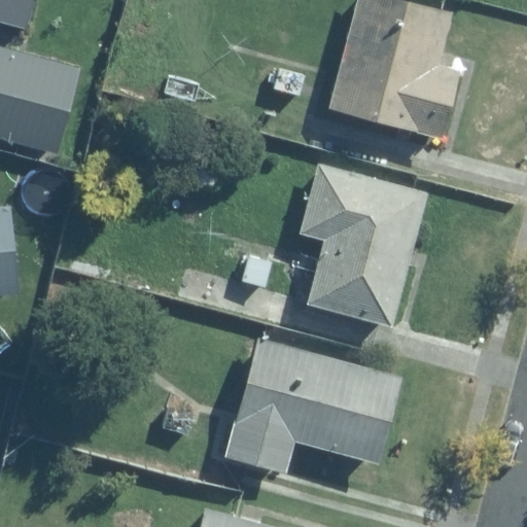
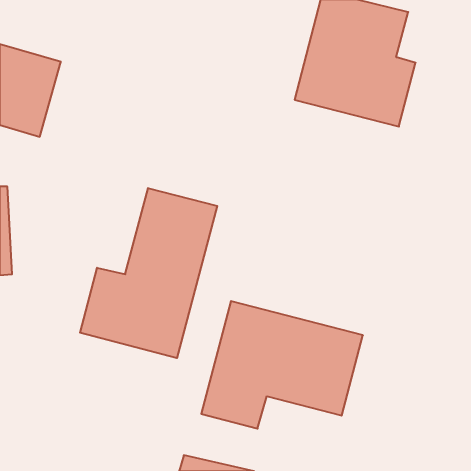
building: [296,165,430,330] -> none
building: none -> [80,188,217,358]

